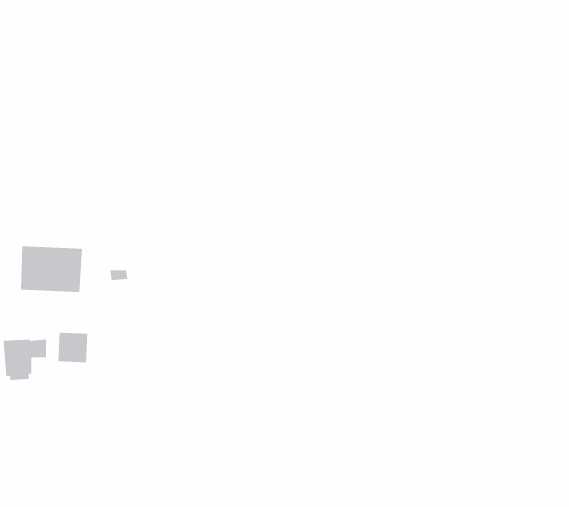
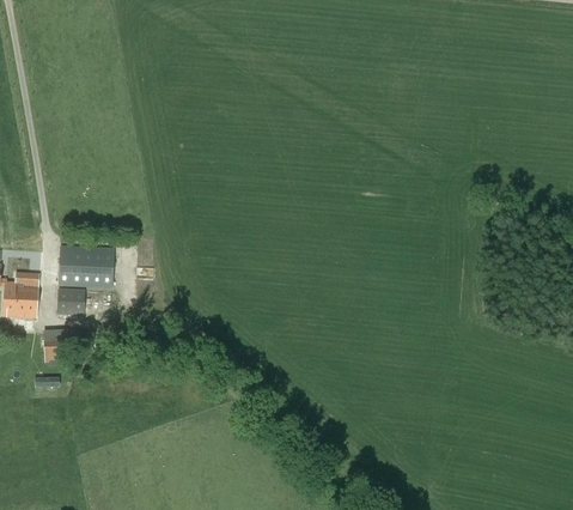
building: [58,332,88,363] -> [57,287,85,315]

